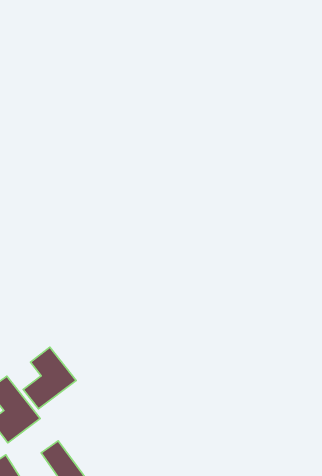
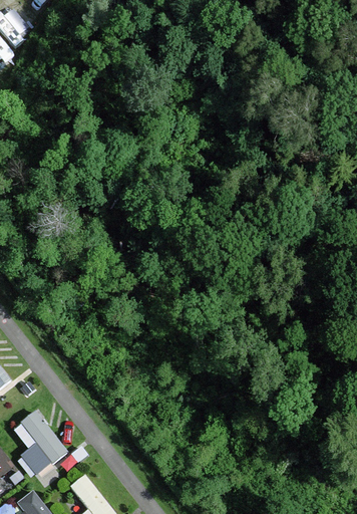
building: [23,347,76,409] -> none

